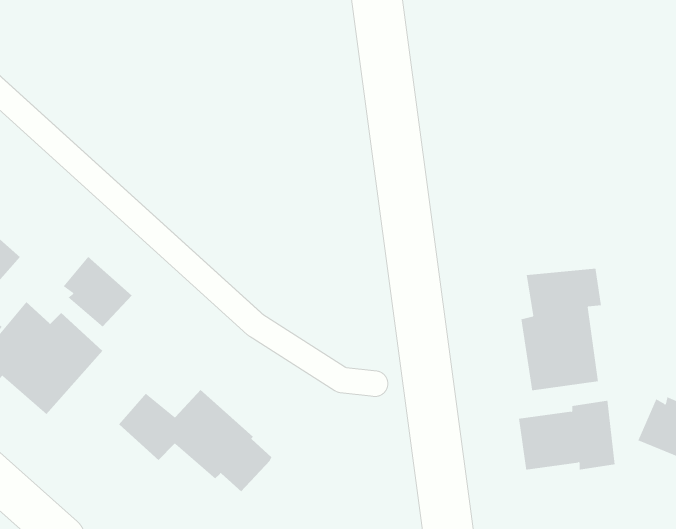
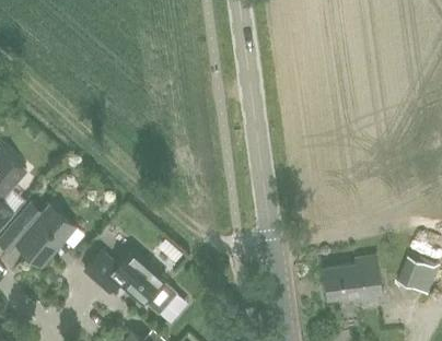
building: [63,256,132,328] -> none
building: [521,268,602,391] -> none

